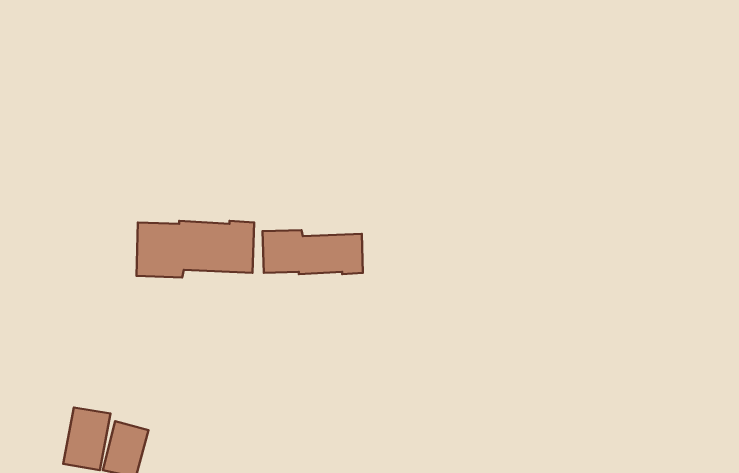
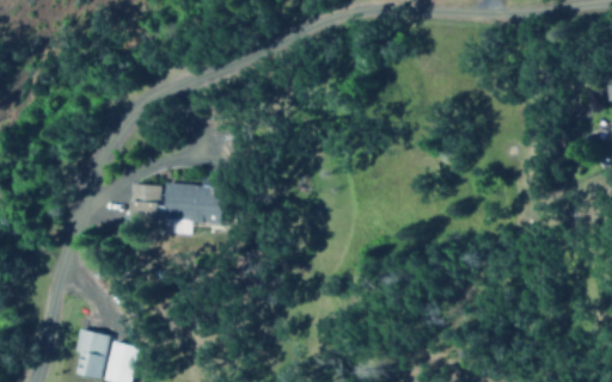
building: [262,230,363,274] -> none

